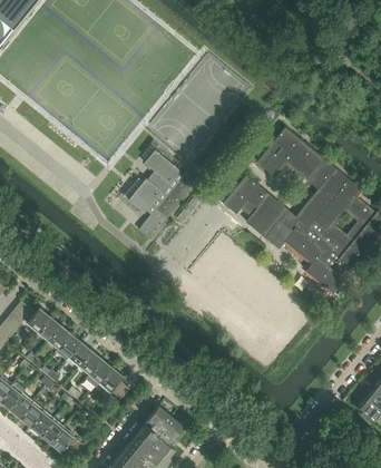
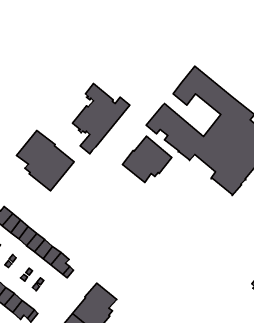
building: none -> [17,130,74,191]
building: none -> [123,136,172,182]

